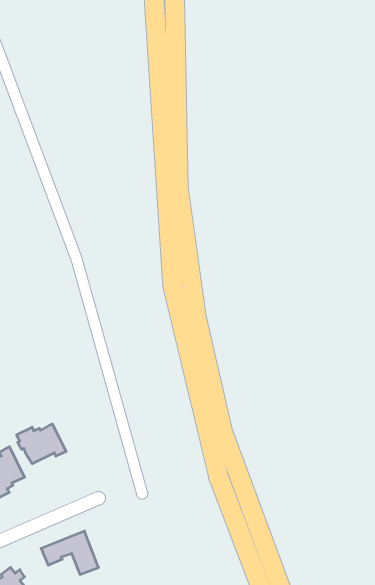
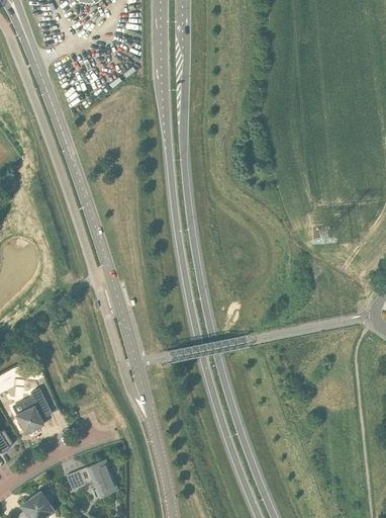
building: [17,424,66,464] -> none

